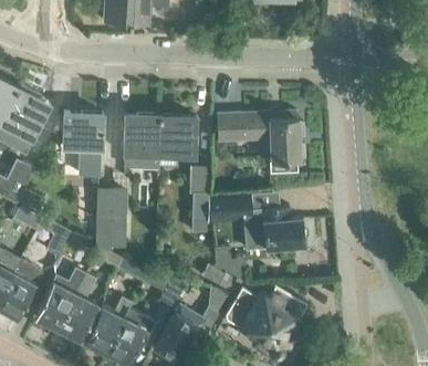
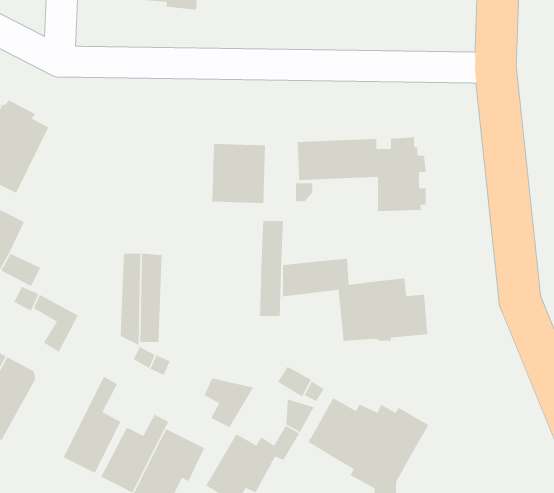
building: [63,113,104,176] -> none
building: [123,115,160,168] -> none
building: [31,269,86,333] -> none

